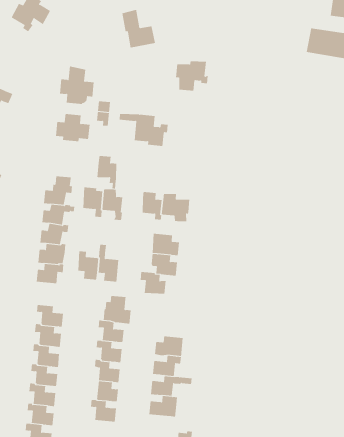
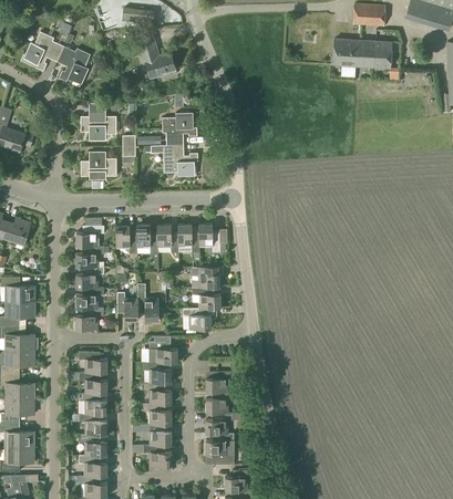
building: none -> [58,46,91,84]
building: [175,61,209,91] -> [162,113,196,145]
building: [97,155,117,189] -> [157,225,178,258]

